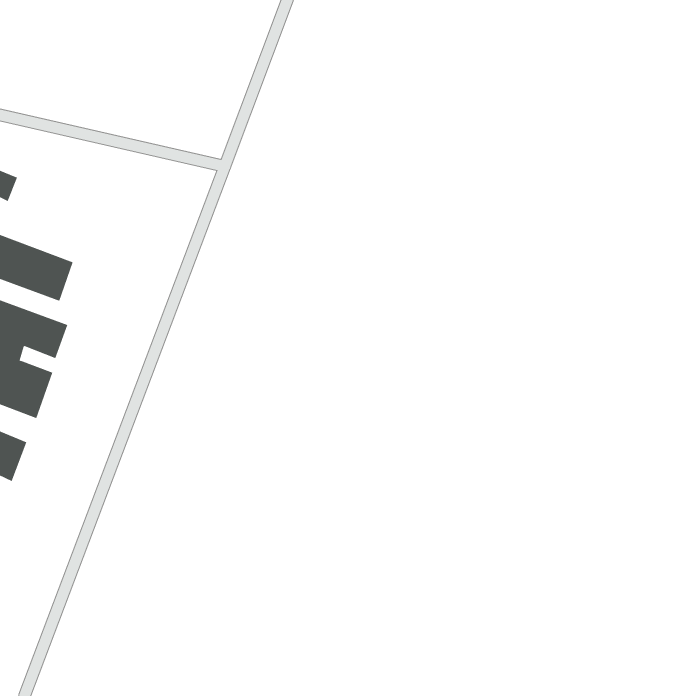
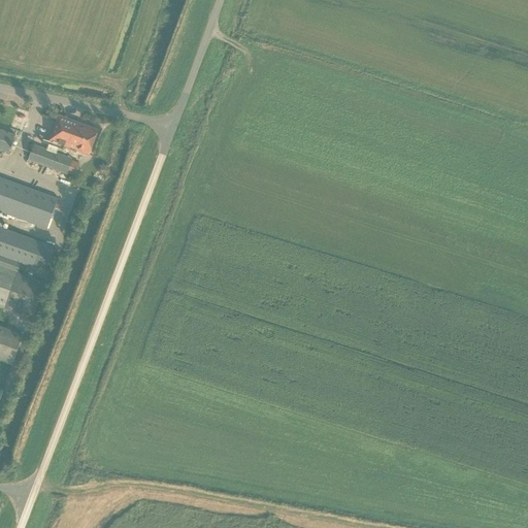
building: none -> [25,114,96,173]

